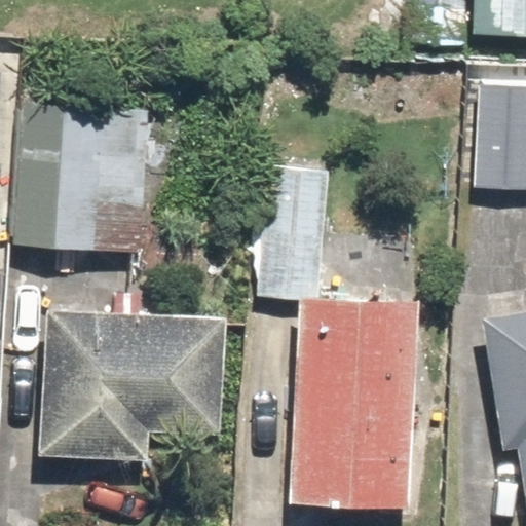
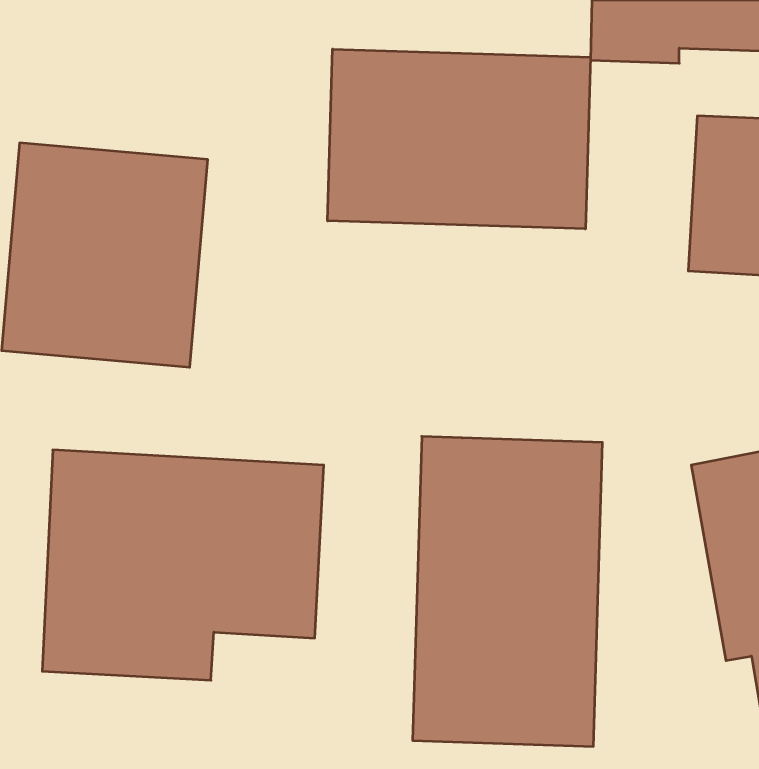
building: none -> [328,49,590,229]
building: [262,163,327,299] -> none

